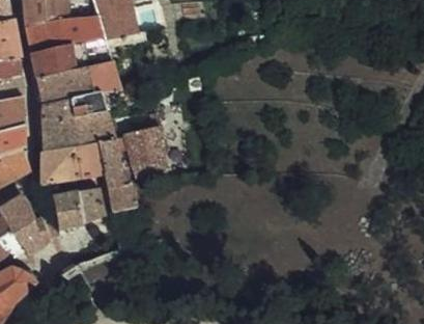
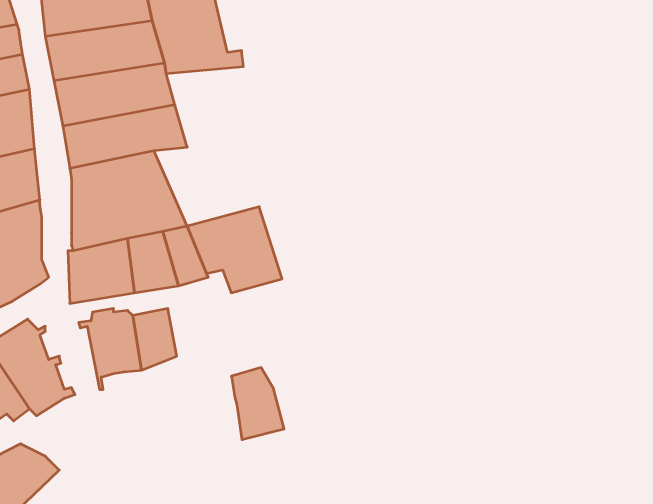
building: [107,170,138,213] -> [231,368,284,440]

